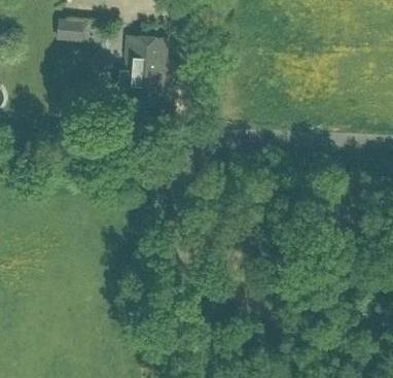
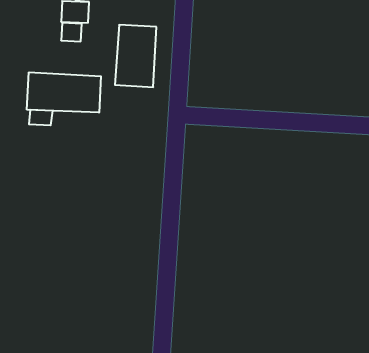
building: none -> [27,72,101,113]

